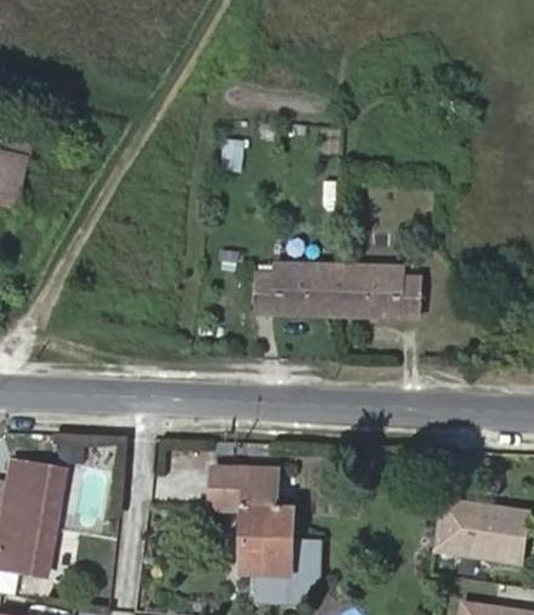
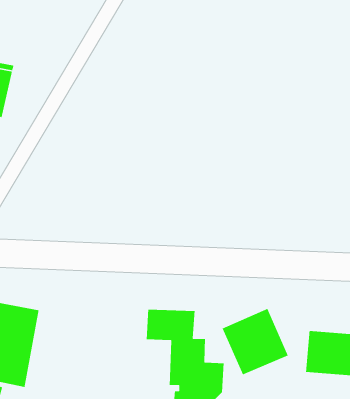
building: [256,264,419,319] -> none
building: none -> [222,308,289,376]

